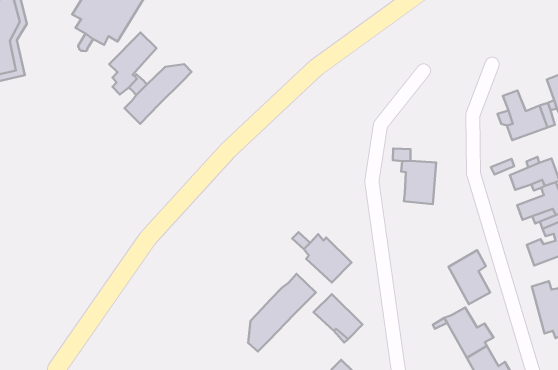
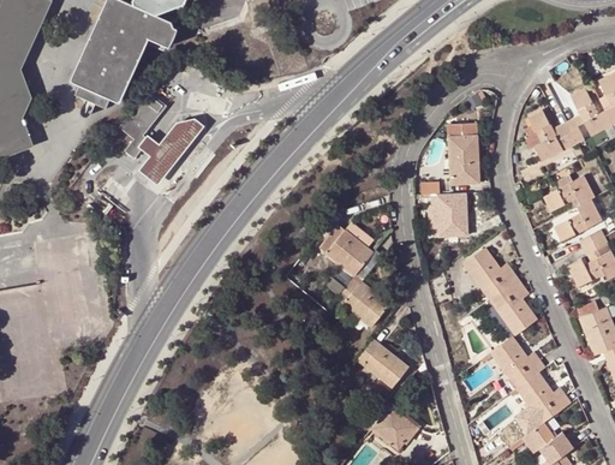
building: none -> [447,123,477,184]
building: none -> [318,223,372,275]
building: none -> [464,248,517,297]
building: [248,274,316,352] -> none

